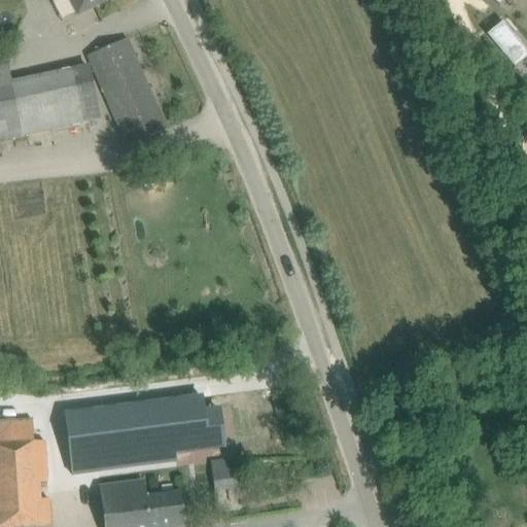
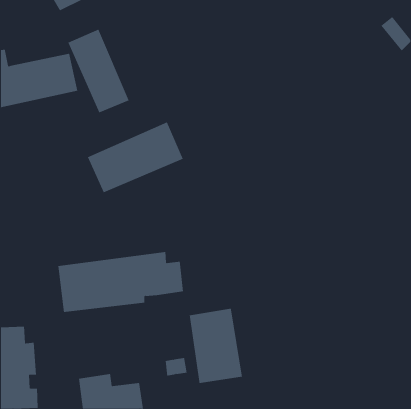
building: none -> [87,121,183,193]
building: [63,394,224,472] -> [58,251,184,313]
building: none -> [189,308,242,384]

